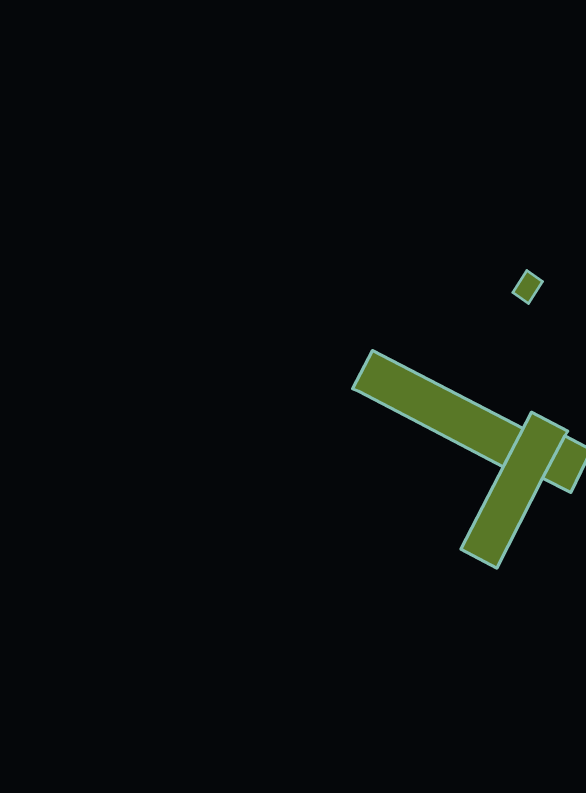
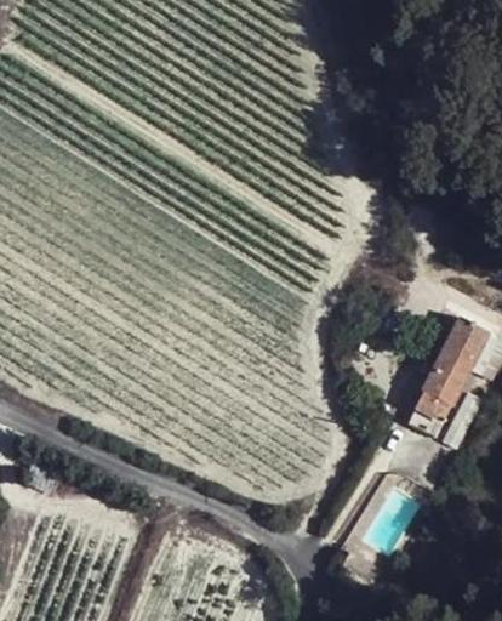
building: [353,350,523,467] -> none

